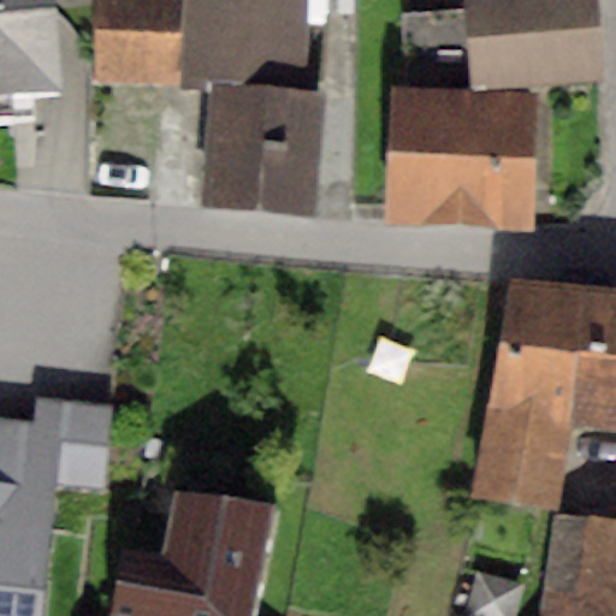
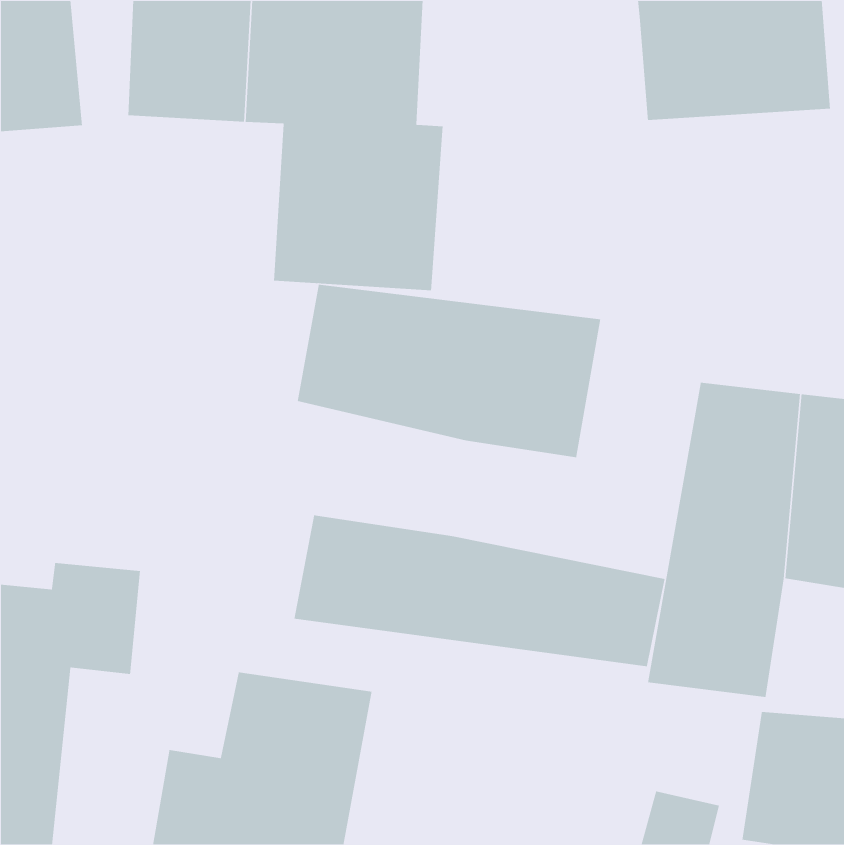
building: [384,12,537,229] -> none
building: none -> [297,284,601,458]
building: none -> [294,514,665,667]

